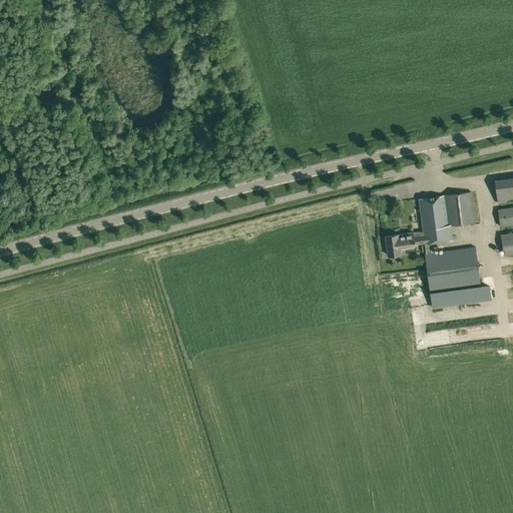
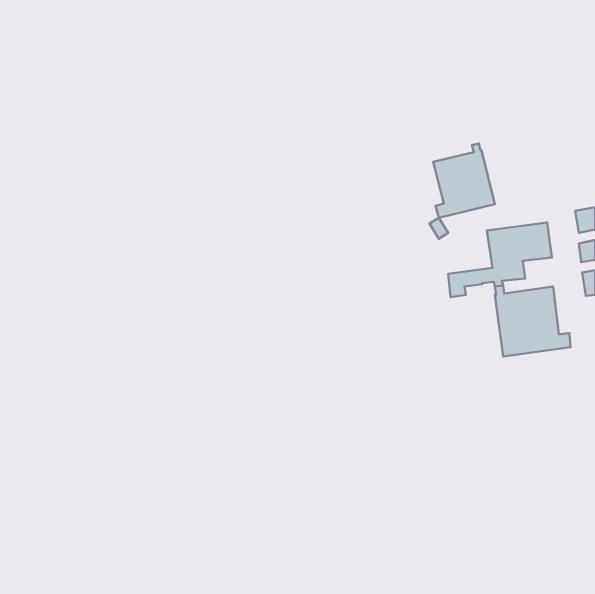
building: none -> [433,143,495,218]

